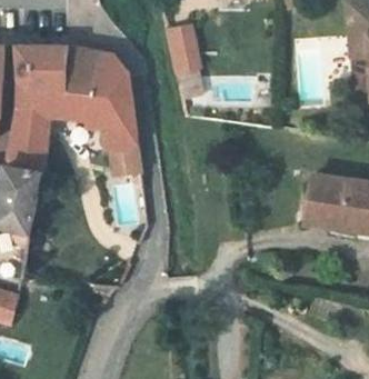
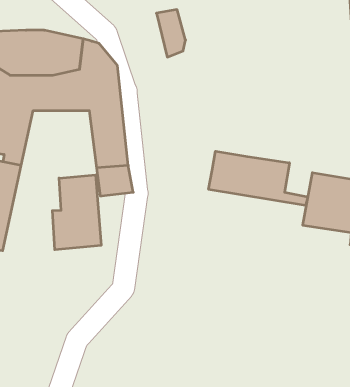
building: none -> [209,151,308,206]
building: none -> [52,175,101,250]

